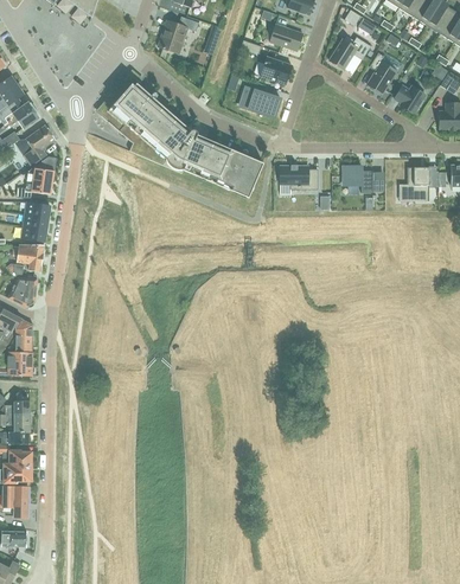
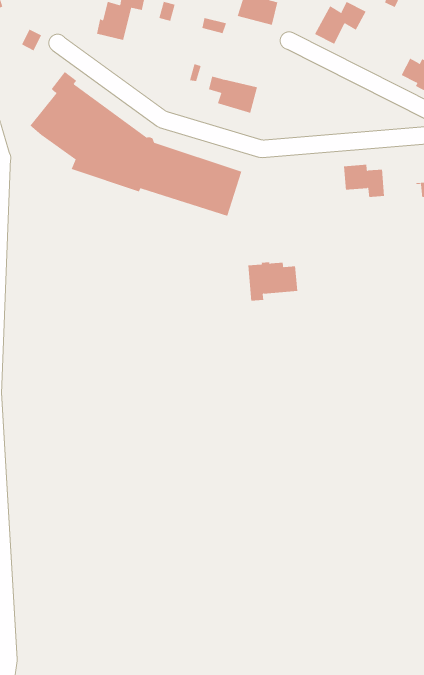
building: [366,51,397,94] -> none
building: [260,56,292,84] -> none
building: [280,163,318,193] -> [248,262,298,301]

